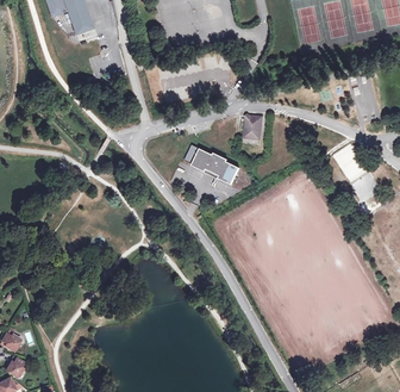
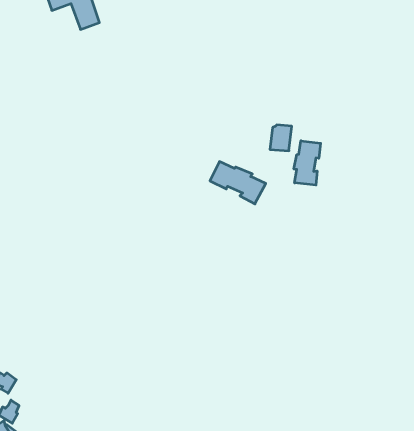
building: none -> [294,141,321,185]

